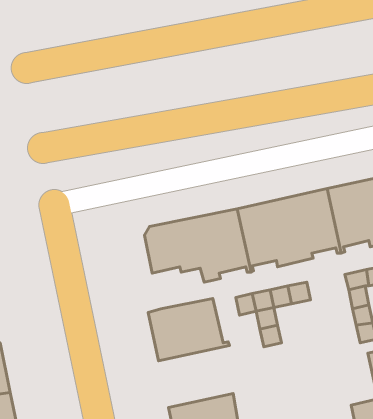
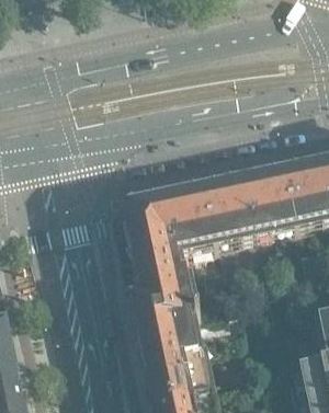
building: none -> [135,241,188,277]
building: none -> [140,309,206,363]

